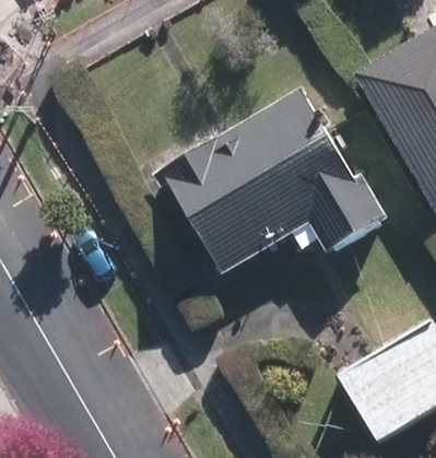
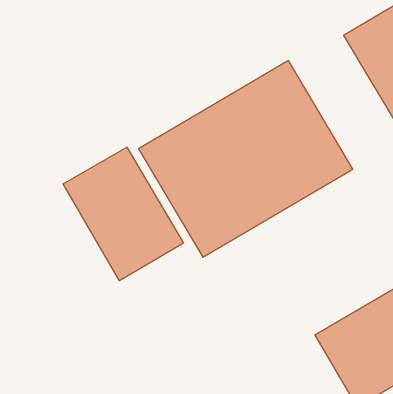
building: none -> [63,147,184,281]

